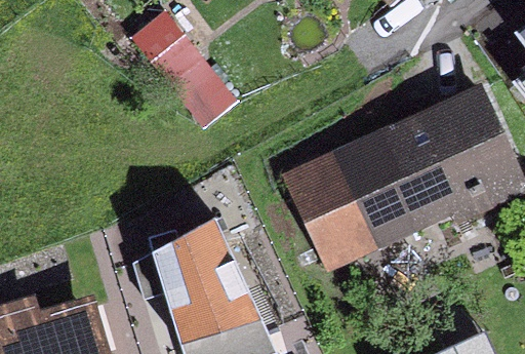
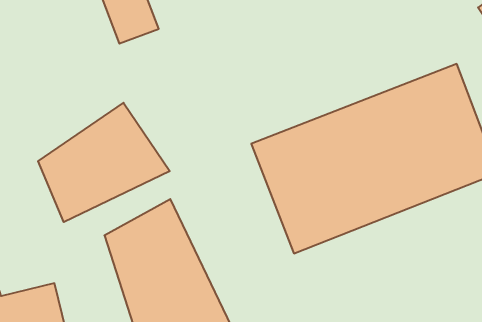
building: none -> [38,103,170,222]

